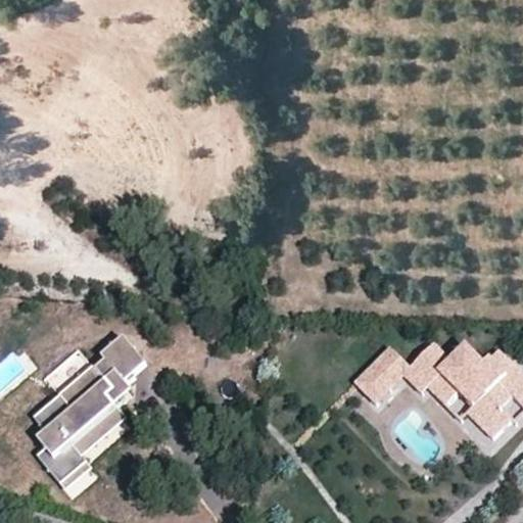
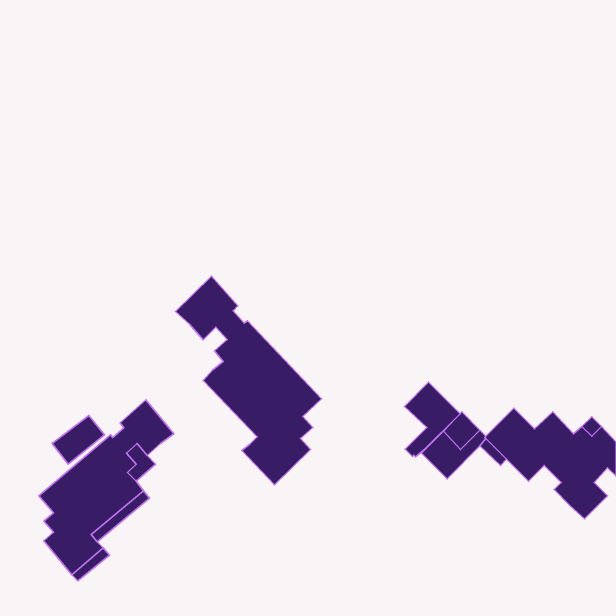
building: none -> [175,276,322,485]
building: none -> [404,382,460,457]

